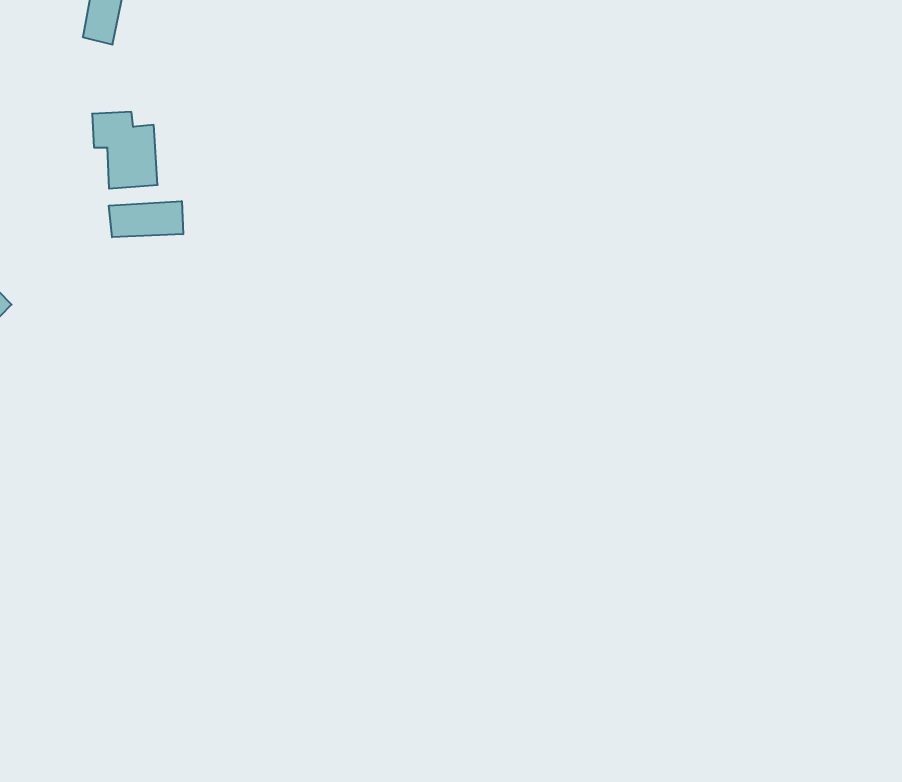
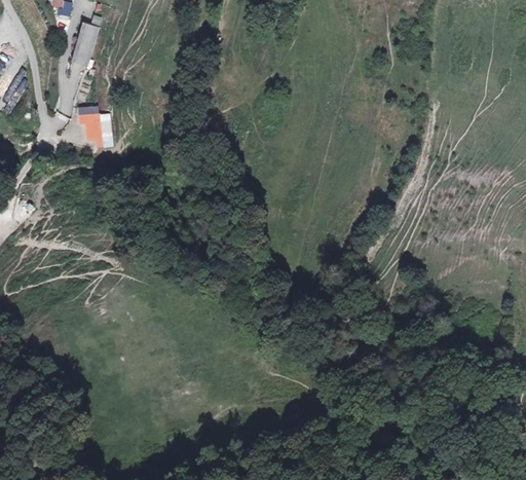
building: [109,201,183,237] -> none

